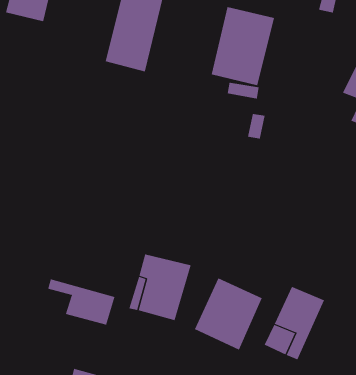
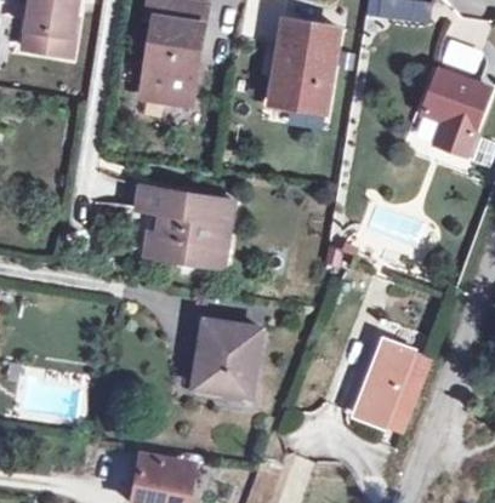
building: none -> [133,185,233,268]
building: [194,277,263,351] -> none
building: [47,279,115,325] -> none

